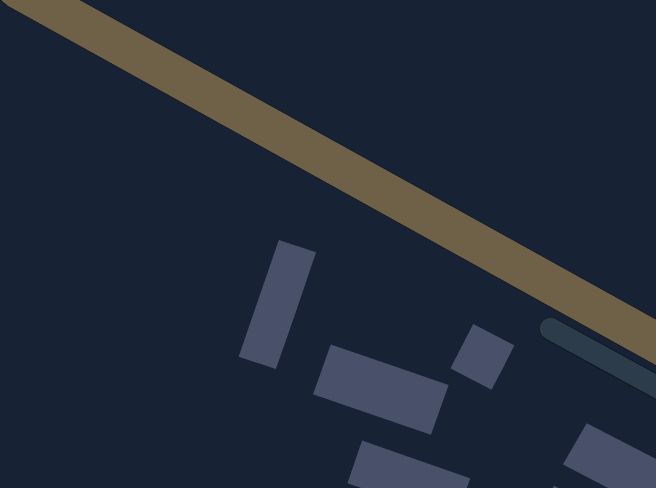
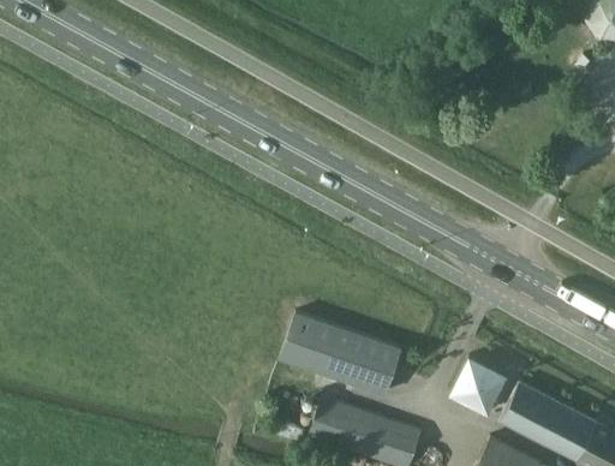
building: [238,239,317,370] -> none
building: [449,323,515,390] -> [450,356,508,414]

